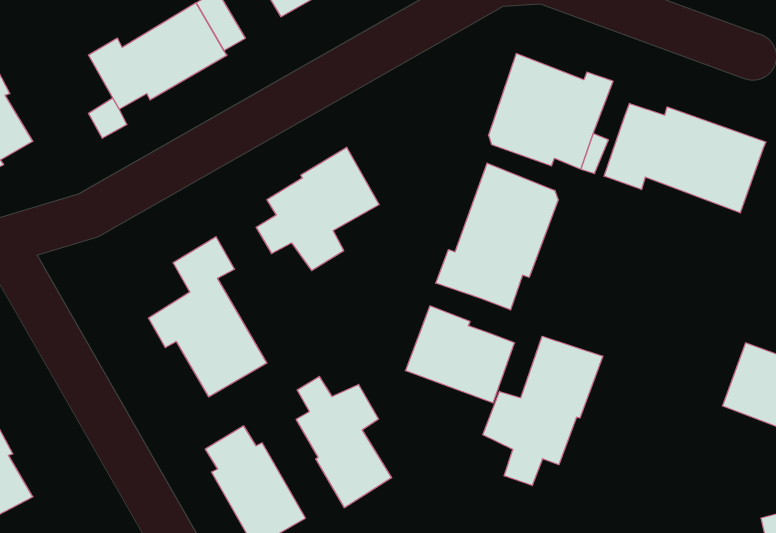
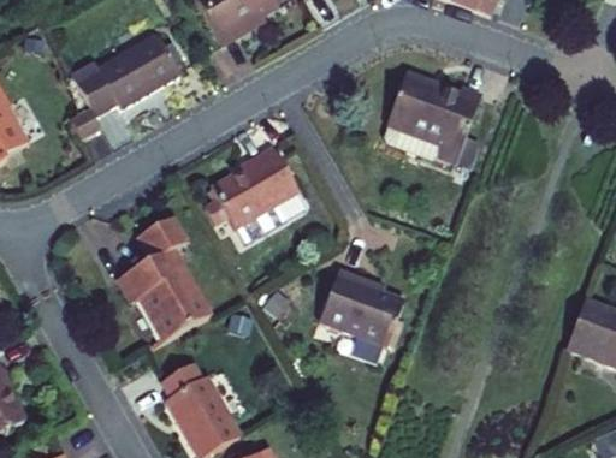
building: [604,103,766,213] -> none
building: [436,163,558,310] -> none
building: [483,336,603,486] -> none
building: [296,376,392,508] -> none

